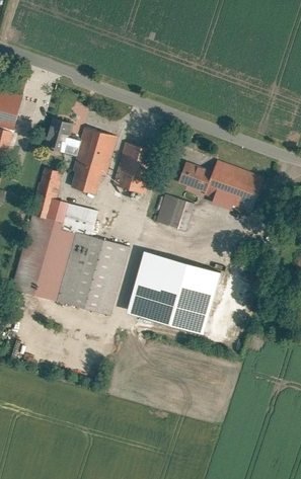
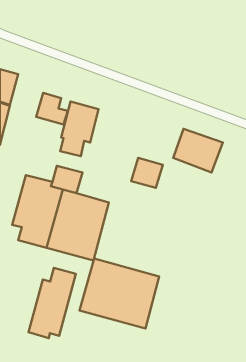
building: [114,144,157,192] -> none
building: [178,162,214,192] -> none
building: [31,168,68,223] -> none
building: [126,248,220,331] -> [80,258,159,329]
building: none -> [29,268,76,338]

